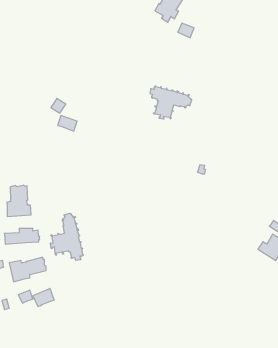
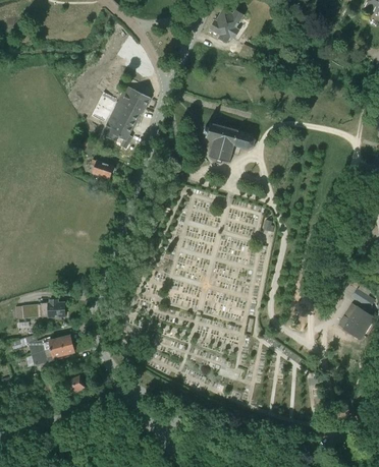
building: none -> [102,85,151,148]
building: [7,185,31,217] -> none
building: [51,213,83,260] -> none

